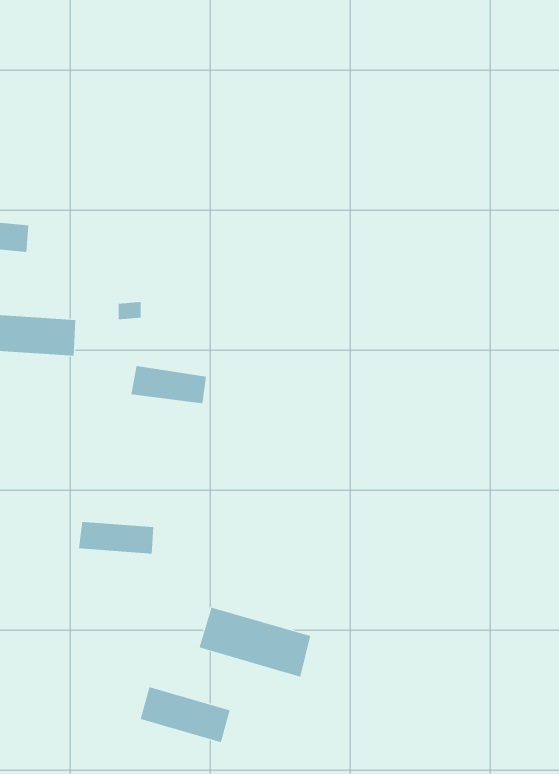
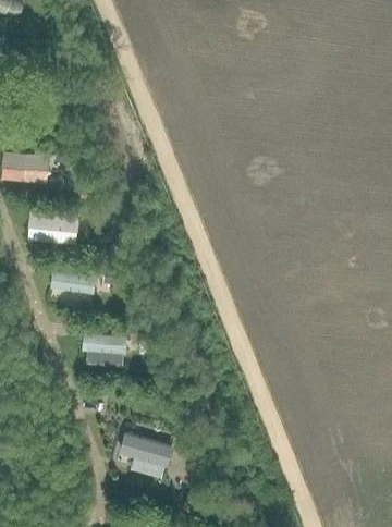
building: [131,366,207,404] -> [49,273,95,296]
building: [199,607,311,677] -> none

